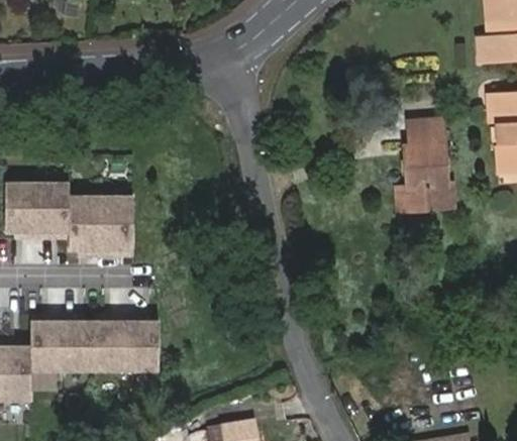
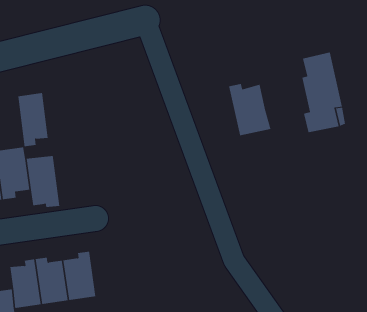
building: none -> [229,83,271,136]
building: [101,196,132,256] -> [18,92,49,147]
building: [128,314,158,368] -> none

